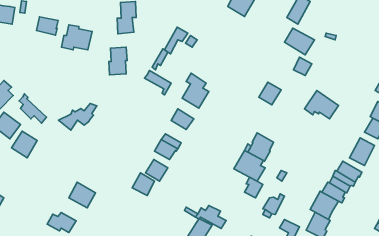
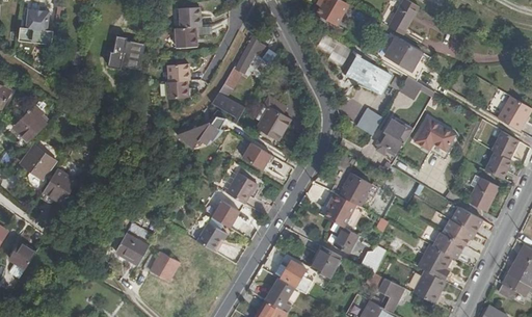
building: [36,17,58,35] -> none
building: none -> [347,56,390,93]
building: none -> [376,117,413,153]
building: [19,94,46,123] -> none
building: [59,103,97,130] -> [179,114,227,148]
building: none -> [311,246,340,278]
building: [47,212,76,232] -> [143,252,180,276]

